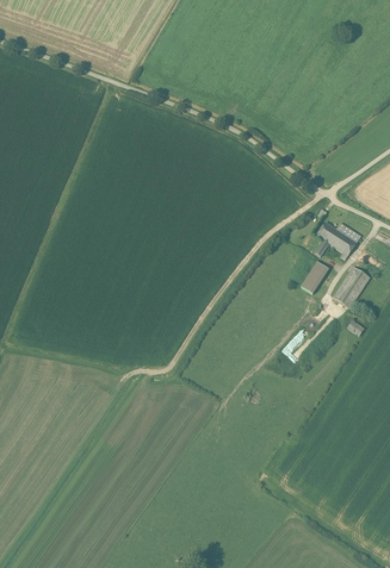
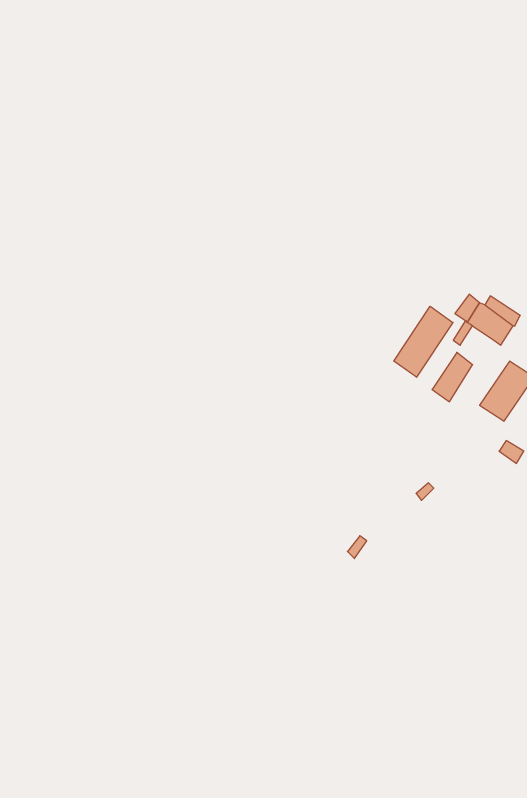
building: none -> [394,306,453,377]

